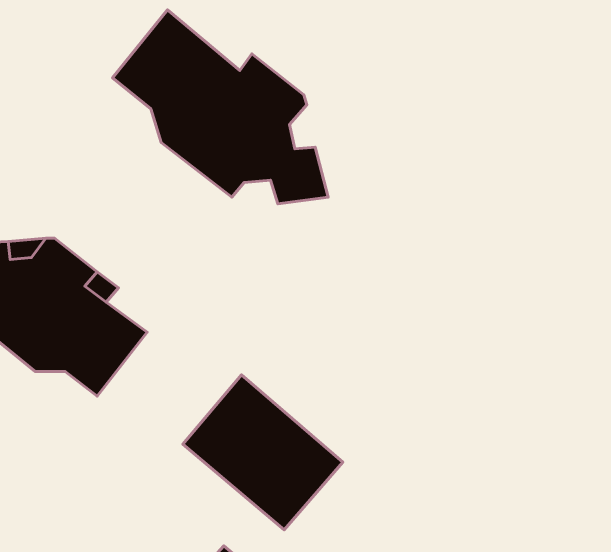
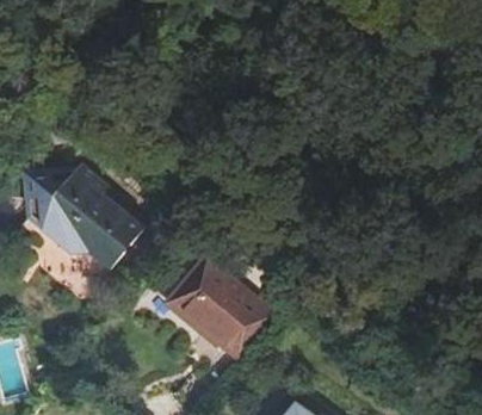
building: [112,10,328,204] -> none

